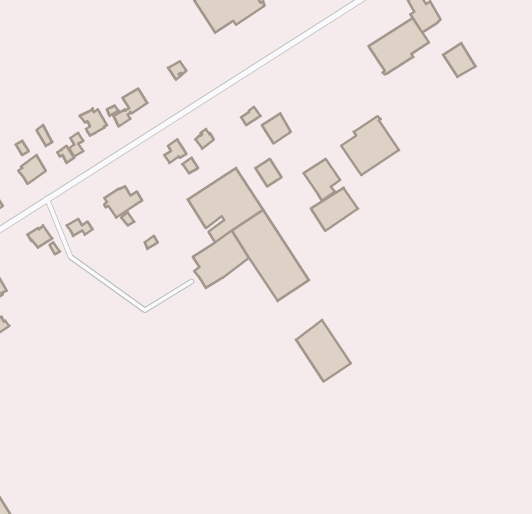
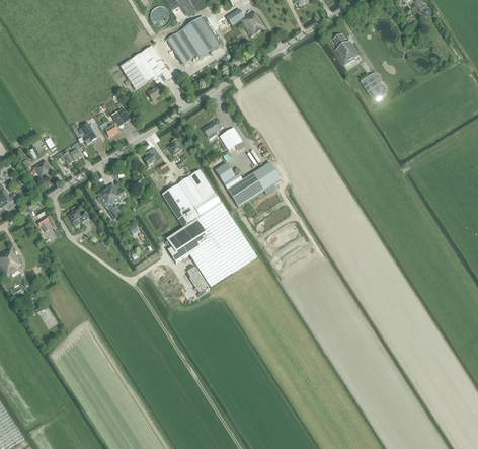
building: none -> [118,45,171,89]
building: [369,18,429,74] -> none
building: [341,116,399,175] -> none
building: [311,188,358,231] -> [226,173,262,207]
building: [296,320,351,381] -> [188,239,231,287]

